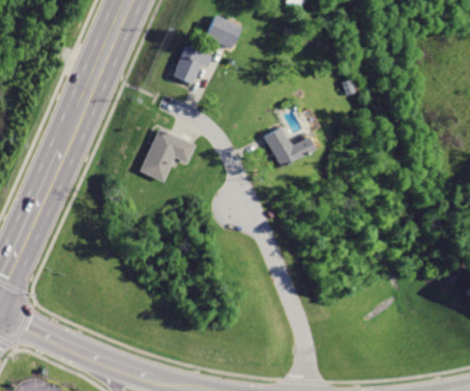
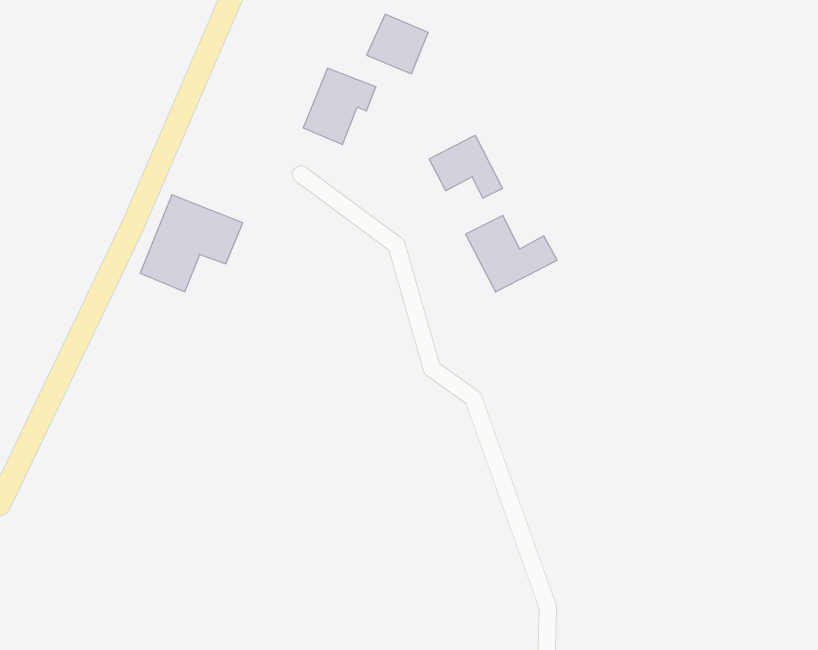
building: none -> [429,135,503,198]
building: [141,127,198,181] -> [140,195,243,292]

